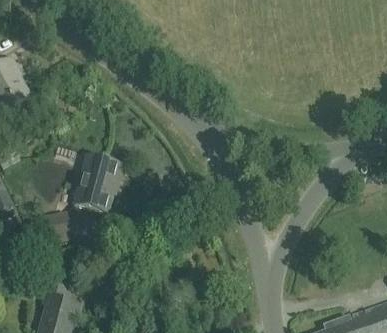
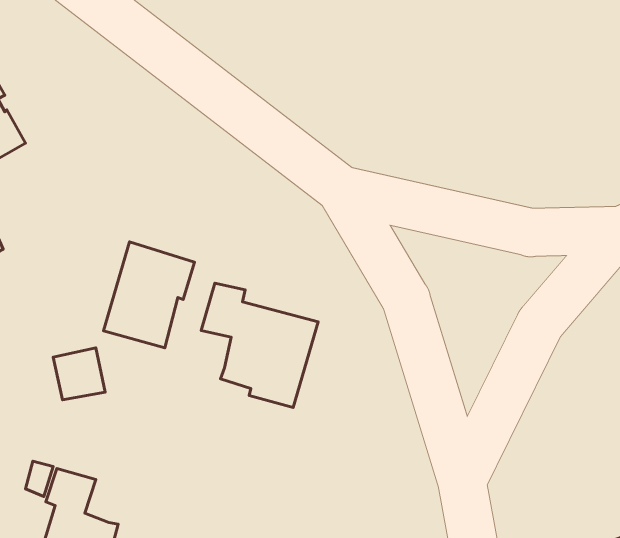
building: none -> [201,283,318,408]

